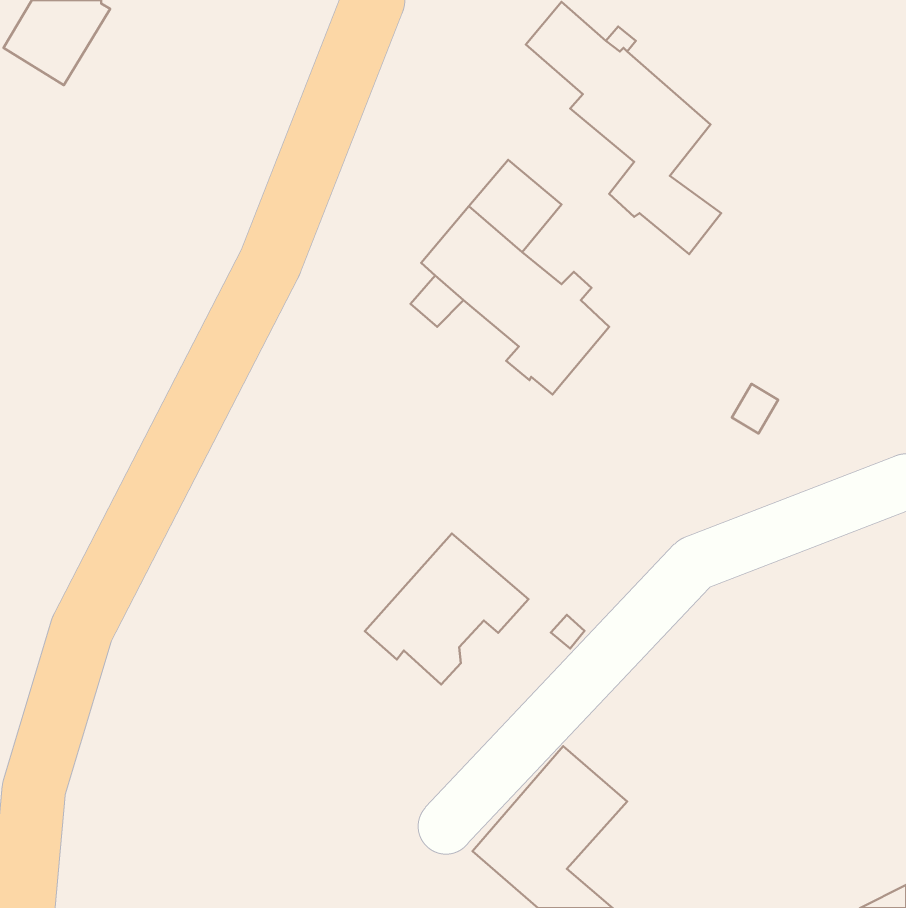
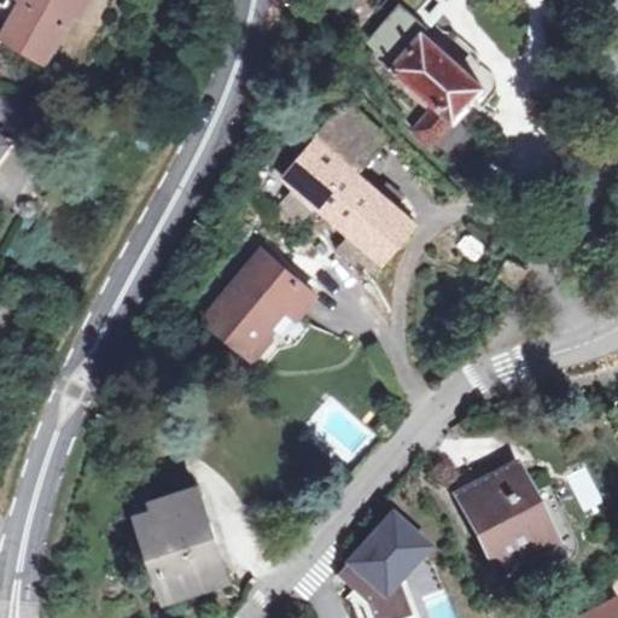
building: [365,533,528,684] -> [206,246,317,349]
building: none -> [459,468,553,570]
building: none -> [133,488,225,596]

